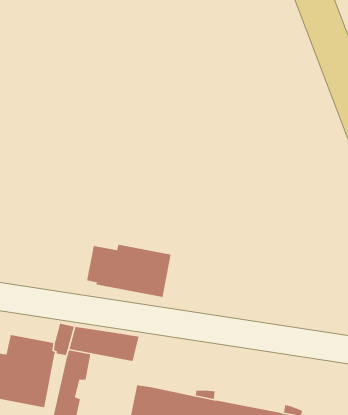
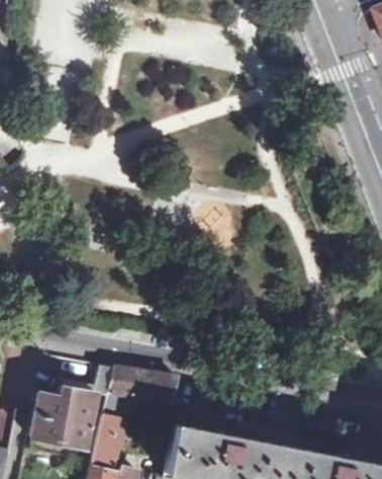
building: [86,244,171,298] -> none

